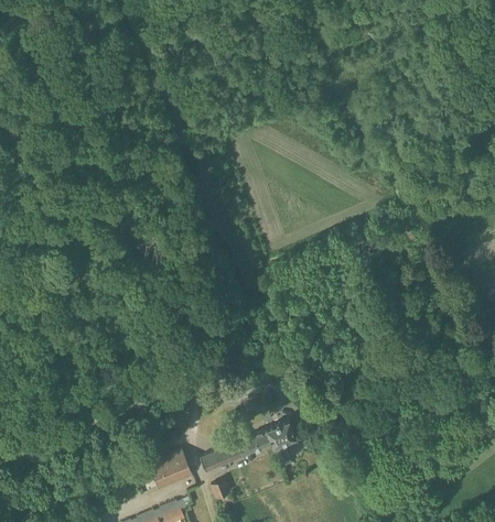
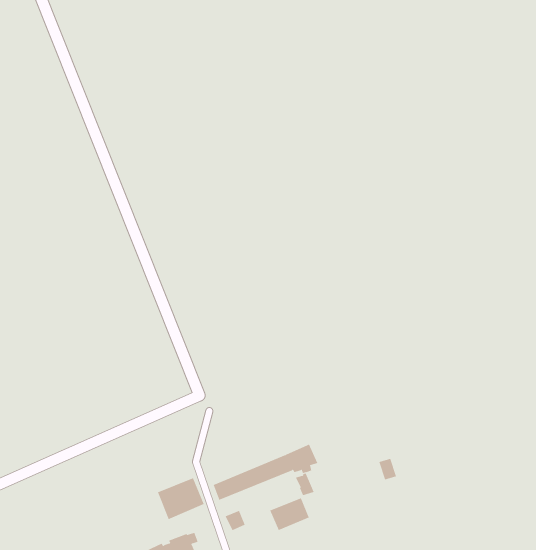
building: none -> [269,498,309,531]

